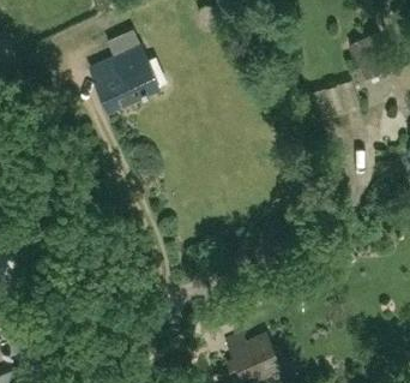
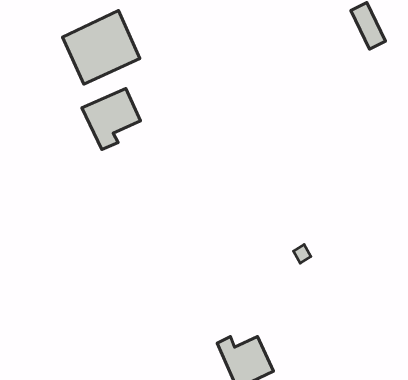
building: none -> [82,88,141,150]

